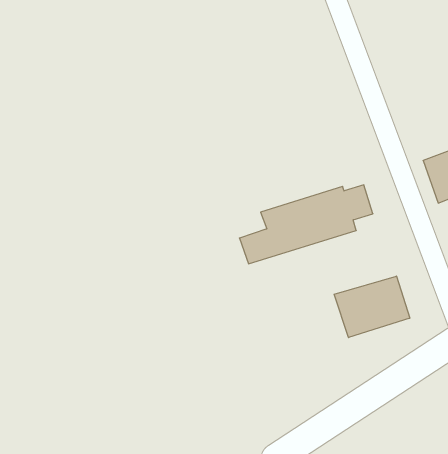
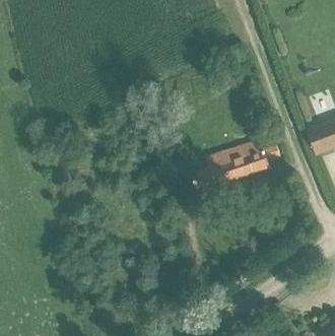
building: [334,276,410,338] -> none

